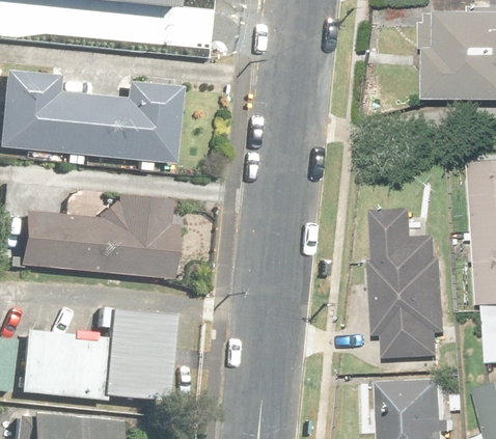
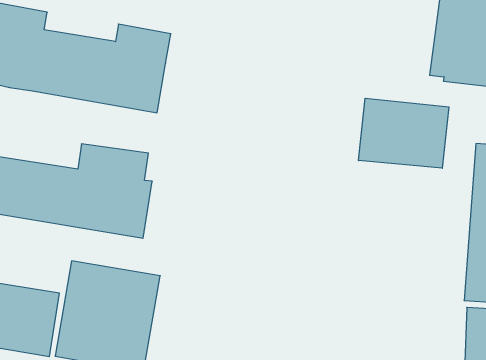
building: none -> [359,98,449,168]
building: [360,217,432,365] -> none

